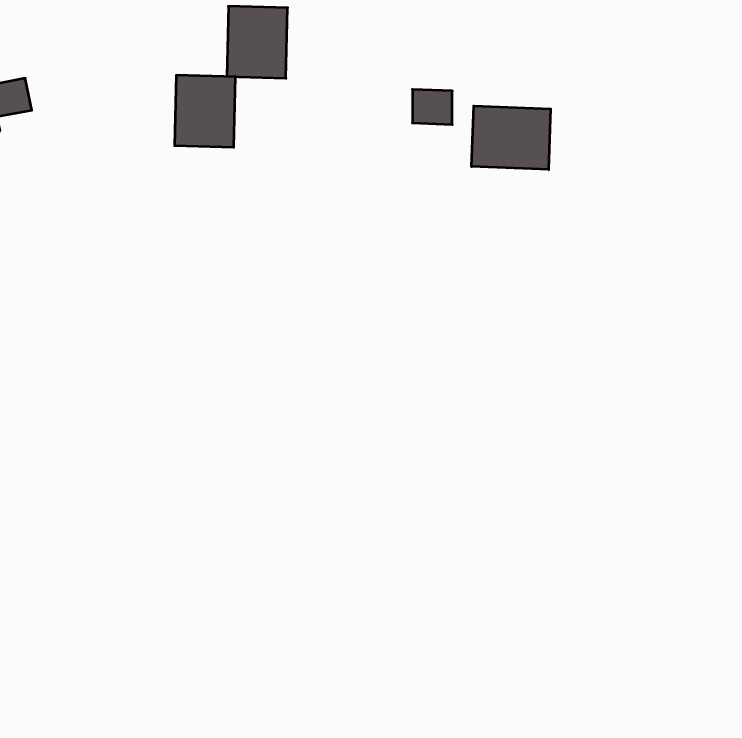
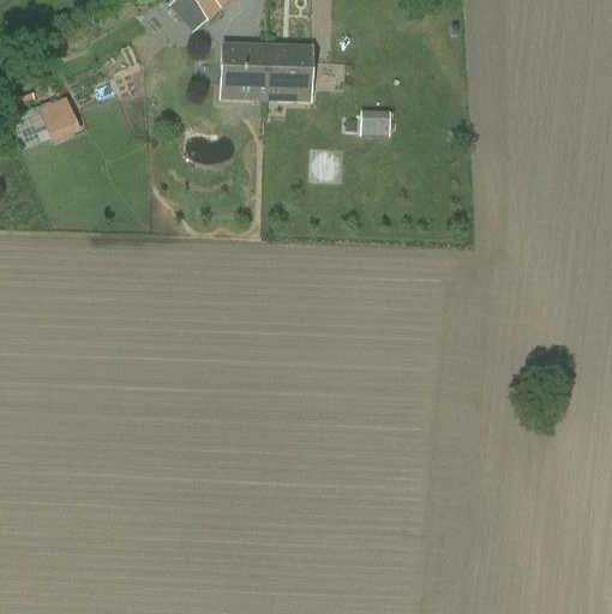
building: [175,75,235,147] -> [266,46,312,100]
building: [472,106,551,170] -> none

